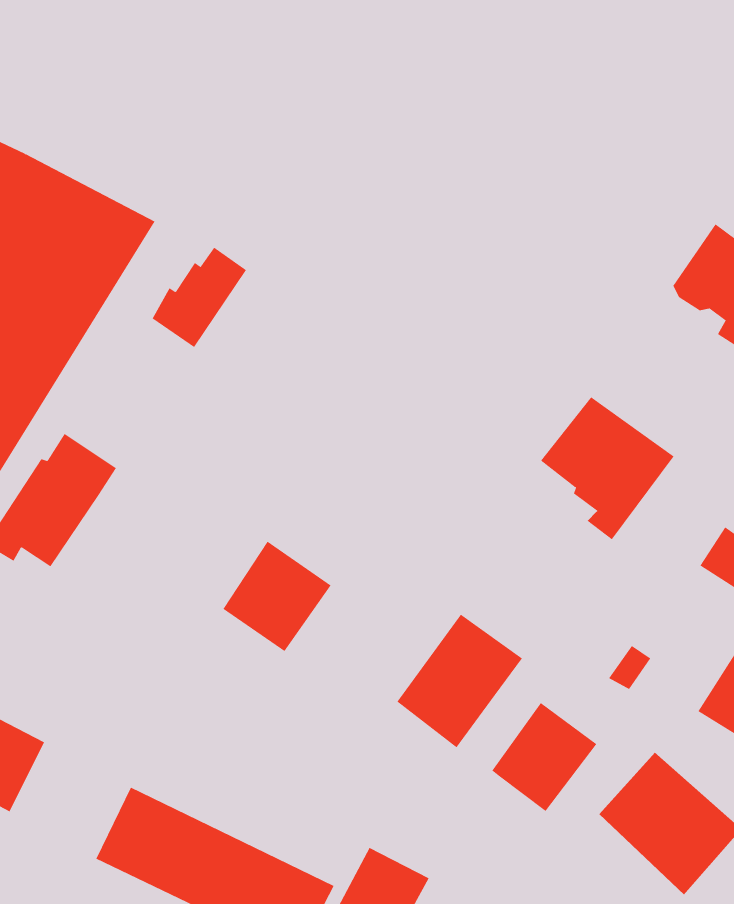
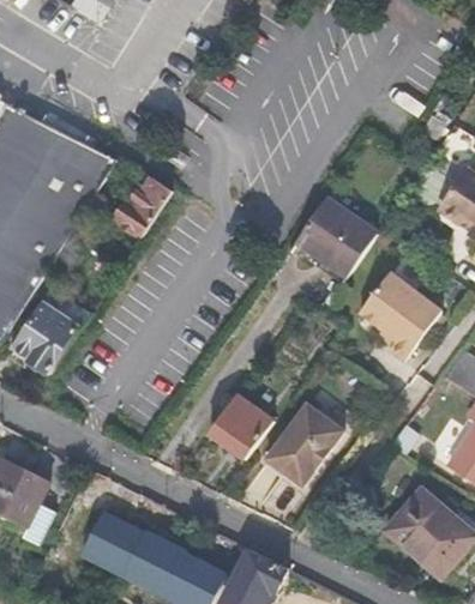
building: none -> [293,193,372,266]
building: [223,541,331,652] -> [205,389,272,458]
building: [491,702,597,812] -> none

